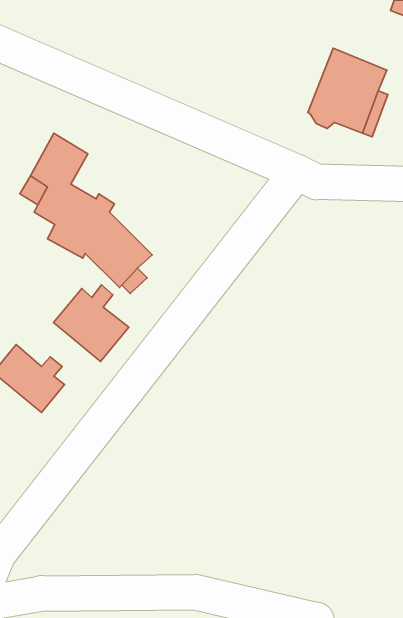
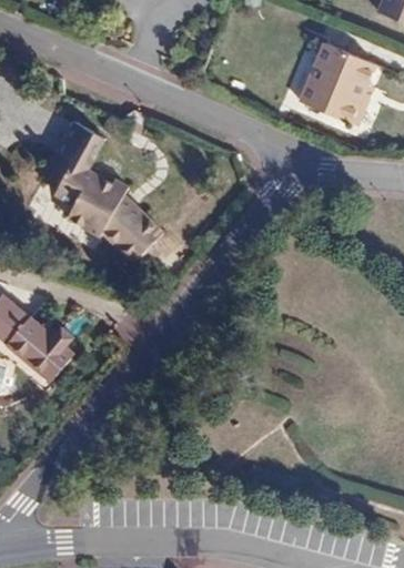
building: [53,285,129,361] -> none

